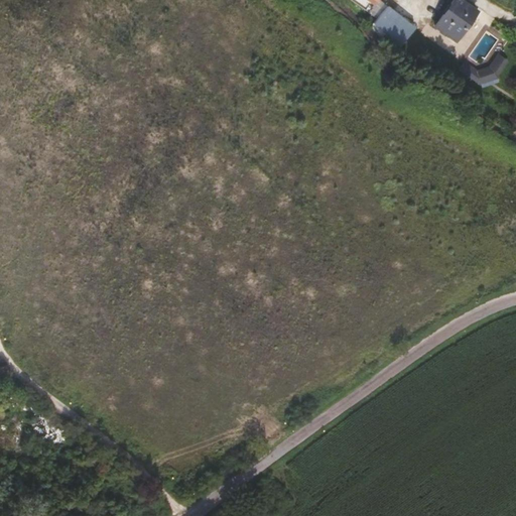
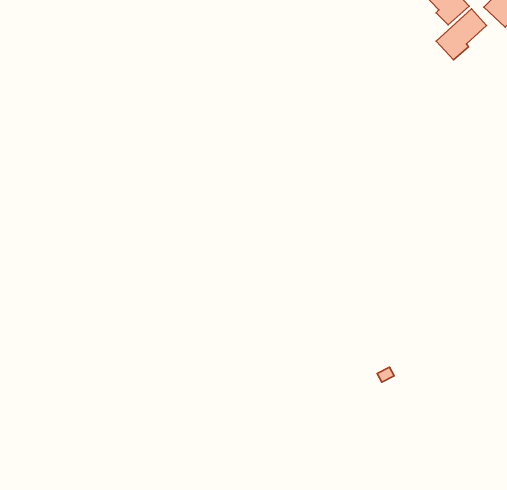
building: none -> [436,9,487,60]

